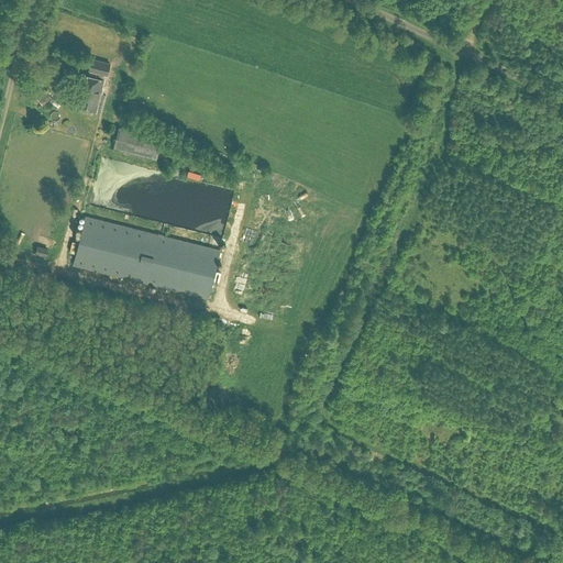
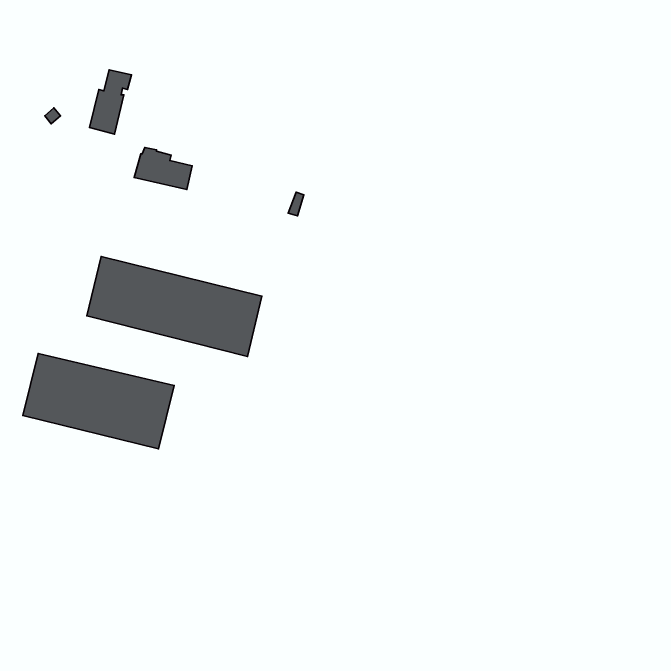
building: none -> [23,353,174,449]

